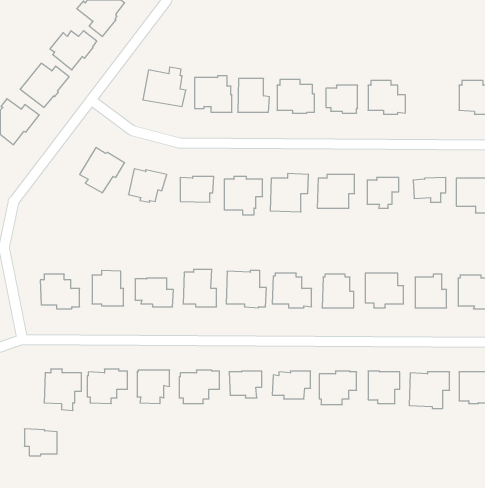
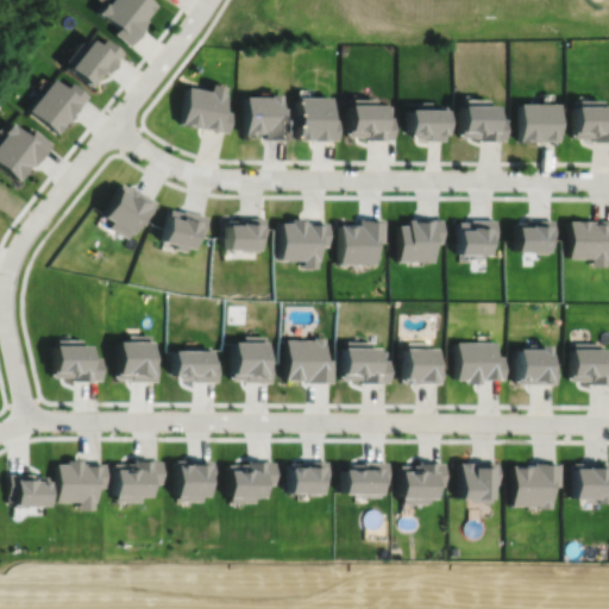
building: none -> [522,106,563,144]
building: [24,429,57,456] -> [12,473,52,507]

